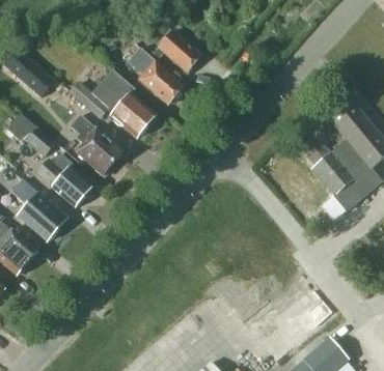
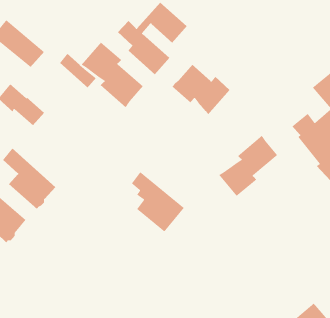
building: none -> [171,64,231,116]
building: [71,114,126,176] -> [131,171,185,232]
building: [36,158,93,207] -> none
building: none -> [218,135,278,197]

